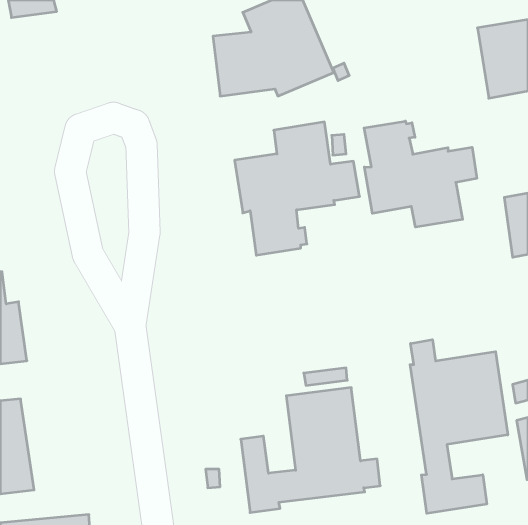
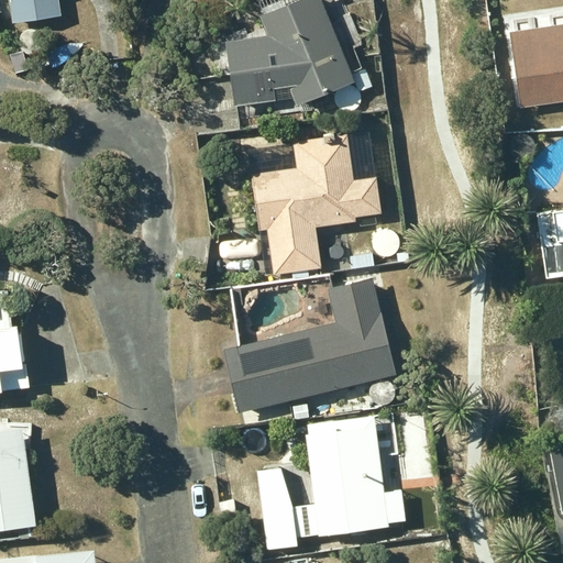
building: [364,121,477,227] -> none
building: none -> [223,277,394,412]
building: [410,340,508,513] -> none

